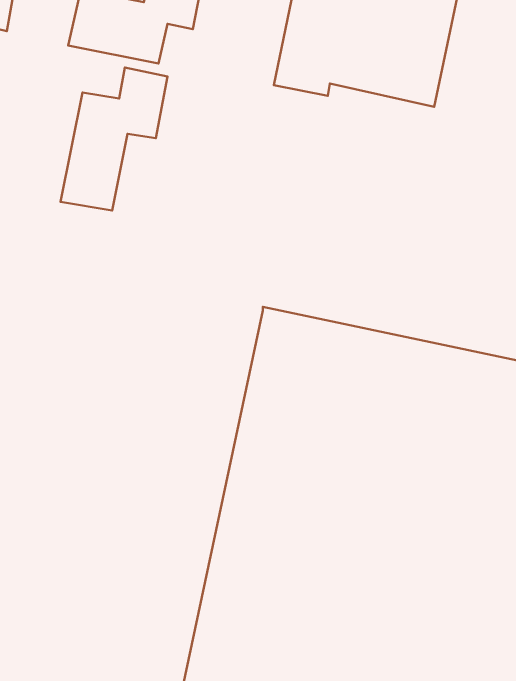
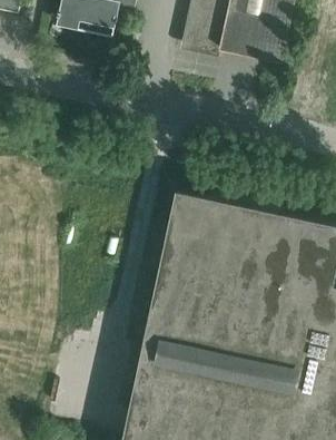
building: [60,68,168,210] -> none

